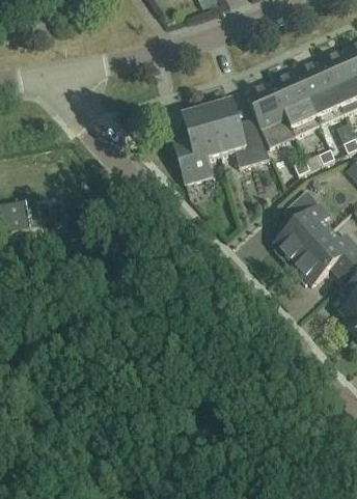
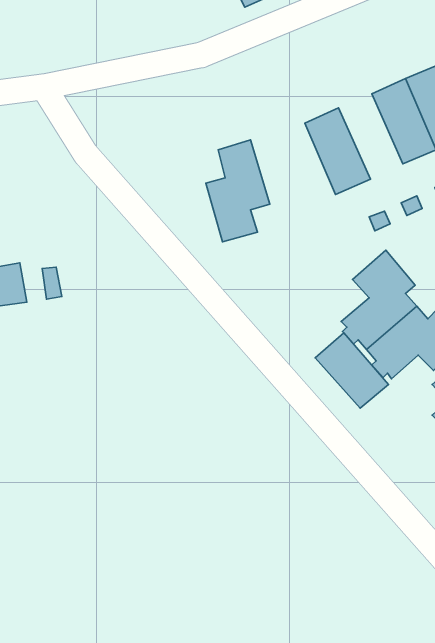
building: [272,73,320,136] -> none
building: [207,100,270,167] -> none
building: none -> [315,333,388,408]

